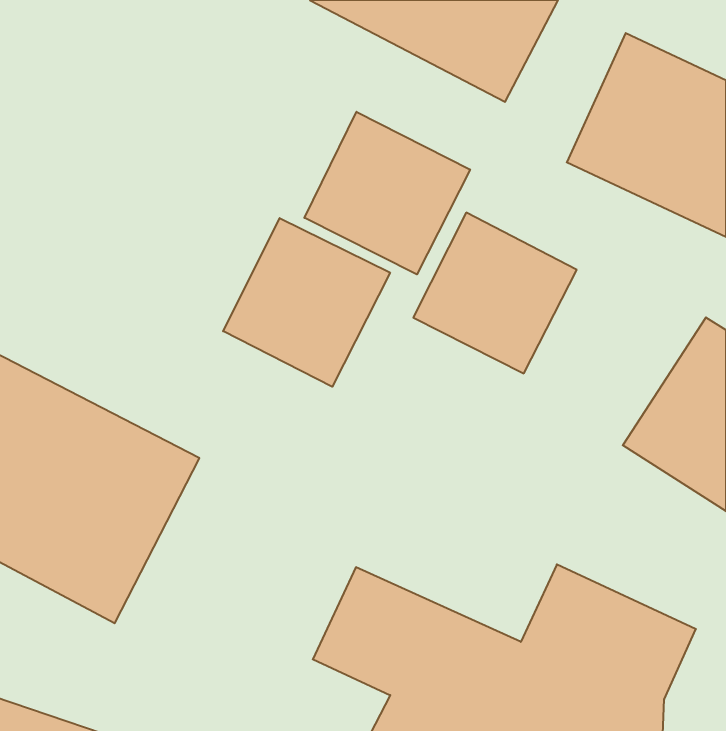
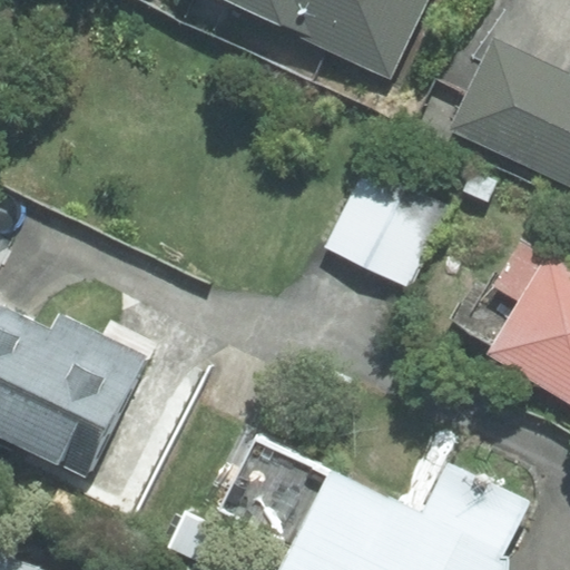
building: [304,112,470,274] -> none
building: [223,218,390,387] -> none

